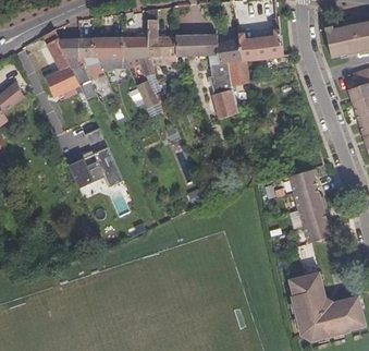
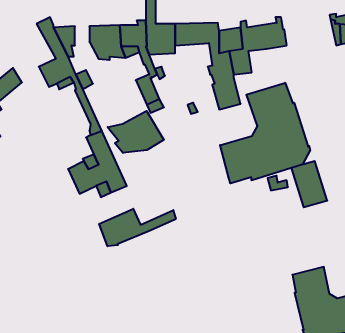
building: [78,37,102,74] -> none
building: none -> [220,83,310,183]
building: none -> [108,111,164,153]
building: [299,206,331,242] -> none
building: none -> [99,209,176,246]

